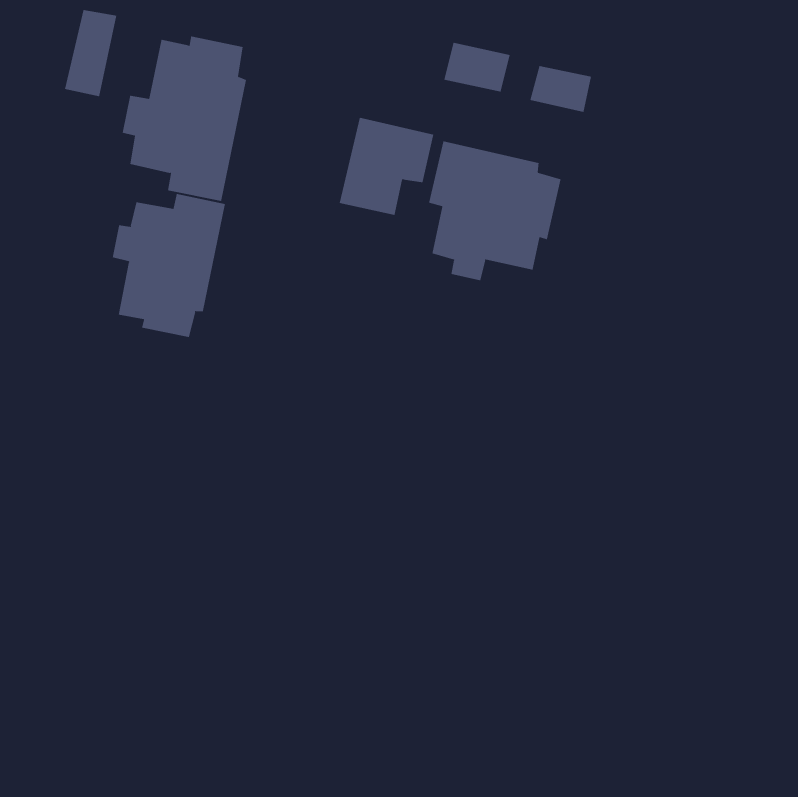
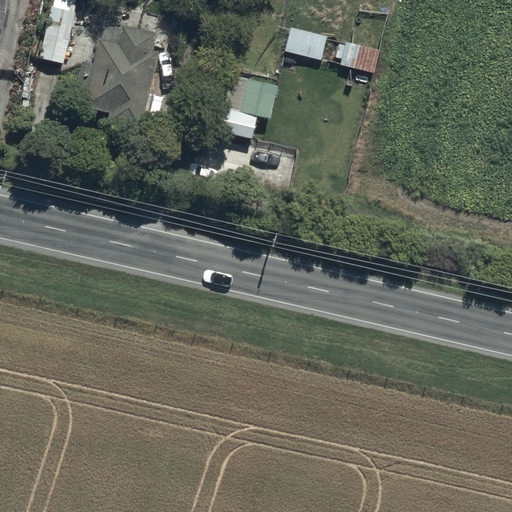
building: [428,140,561,281] -> none
building: [112,193,226,338] -> none

